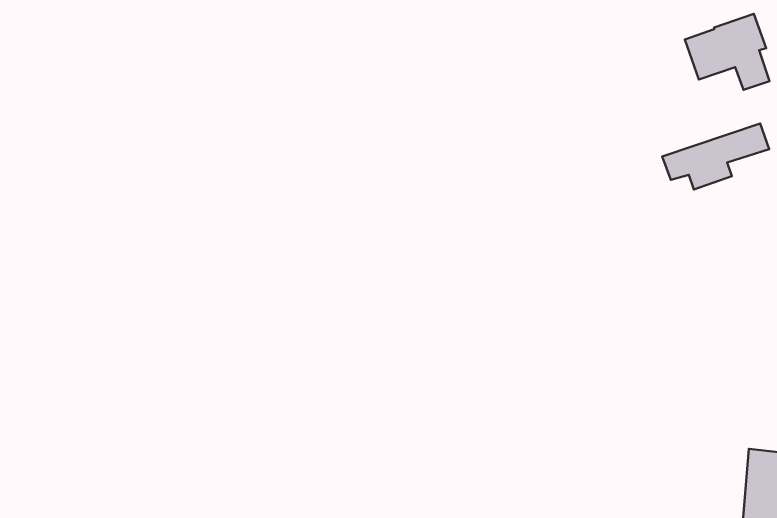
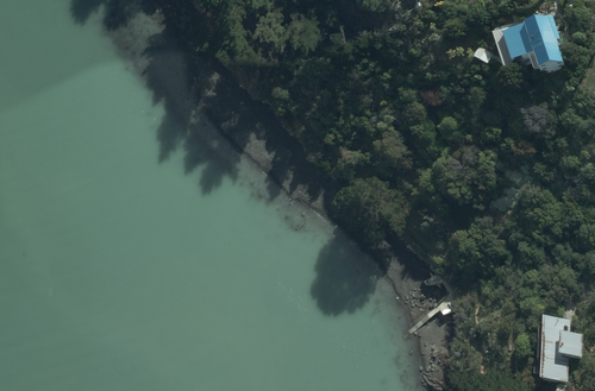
building: [662,123,769,190] -> none

